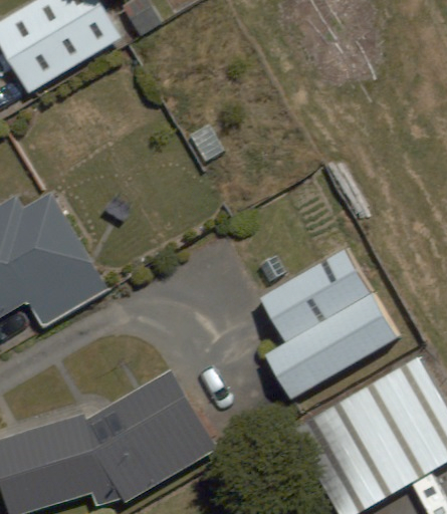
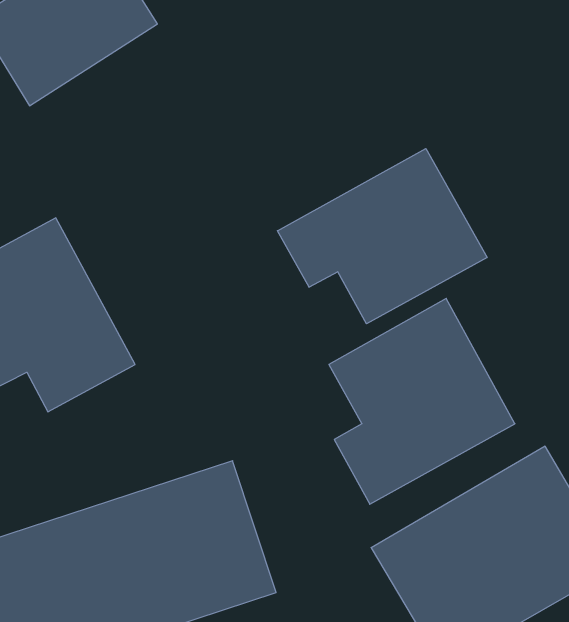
building: none -> [277,149,487,324]

